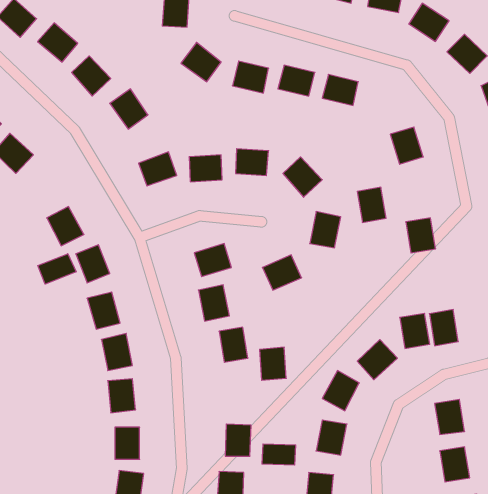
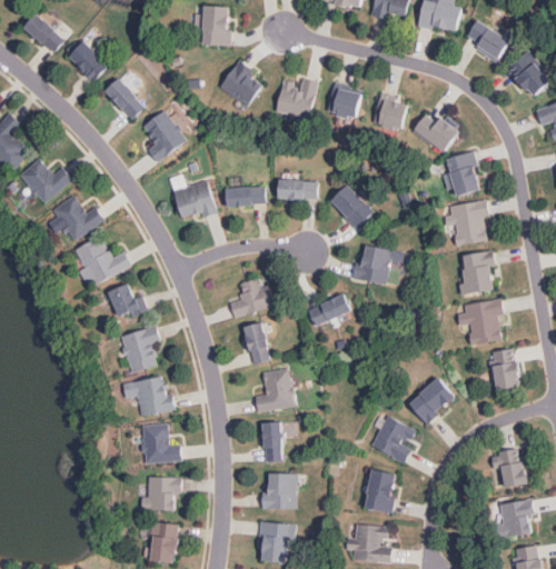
building: none -> [415,110,458,152]
building: none -> [53,197,95,240]
building: [357,187,386,222] -> [454,202,485,240]
building: [38,254,76,284] -> none
building: [400,313,430,348] -> [467,302,499,340]
building: [260,347,286,380] -> [258,425,287,460]
building: [262,444,296,465] -> none

